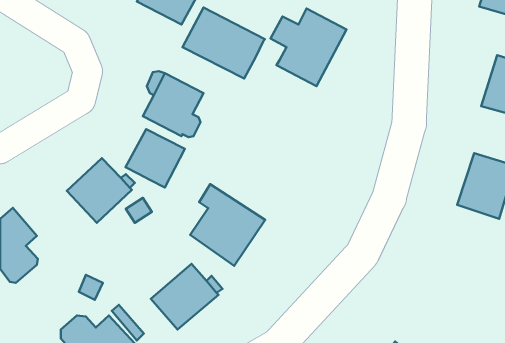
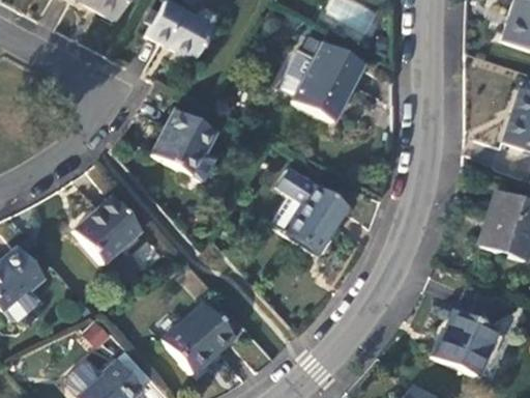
building: [183,8,265,79] -> none
building: [125,129,185,188] -> none
building: [190,184,265,266] -> [272,170,350,255]
building: none -> [436,310,496,377]

